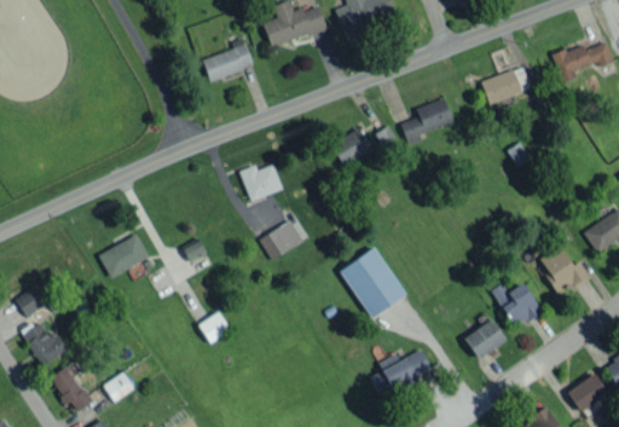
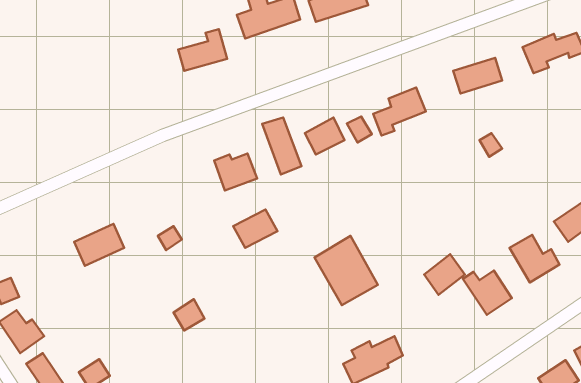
building: none -> [262,118,302,175]
building: [464,319,505,360] -> [424,254,465,295]

